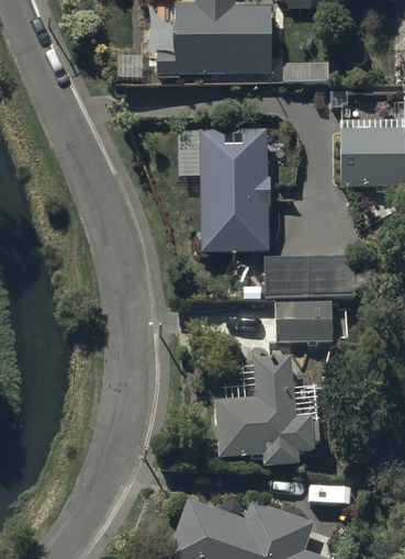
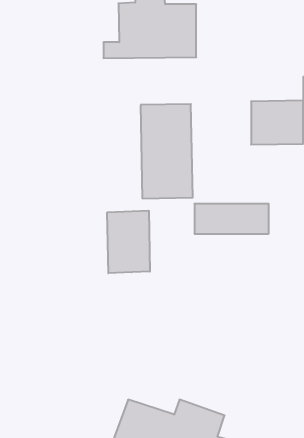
building: none -> [107,211,150,273]
building: [275,304,331,340] -> none
building: [218,360,313,457] -> none

